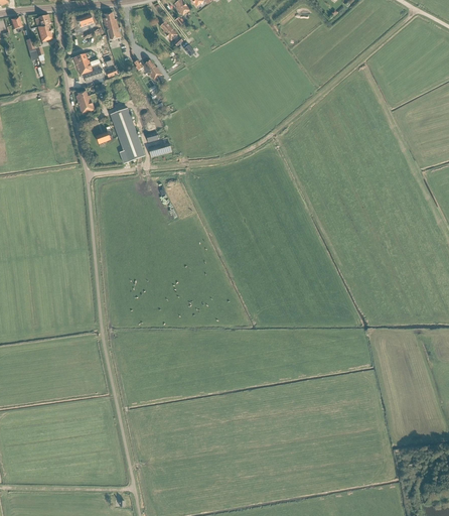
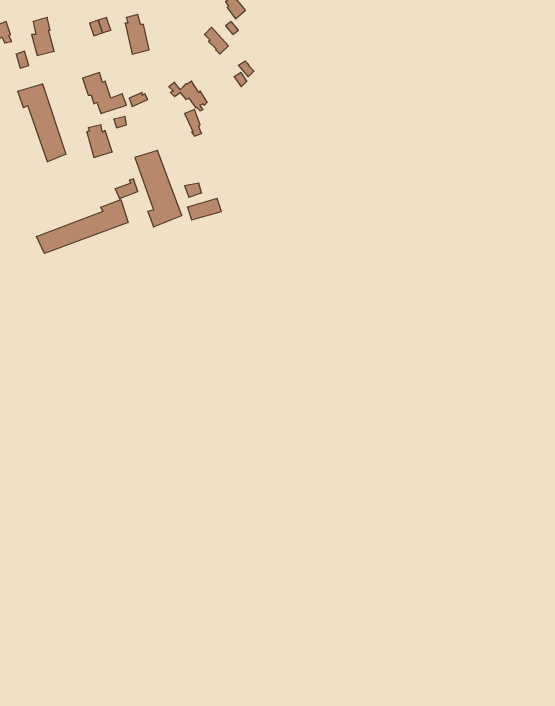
building: none -> [18,84,66,162]
building: none -> [36,200,128,253]

